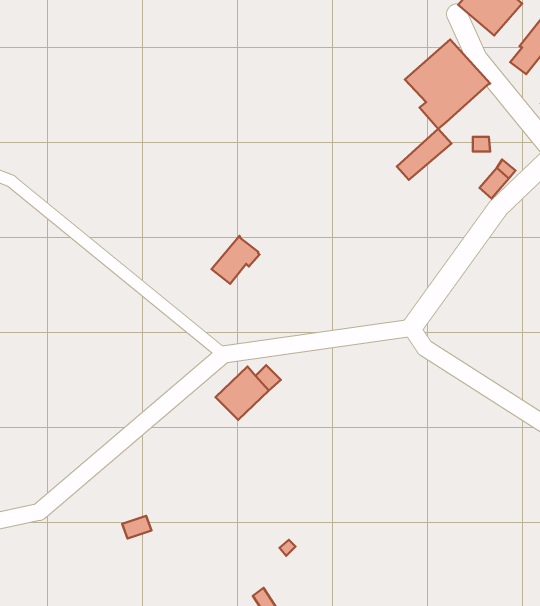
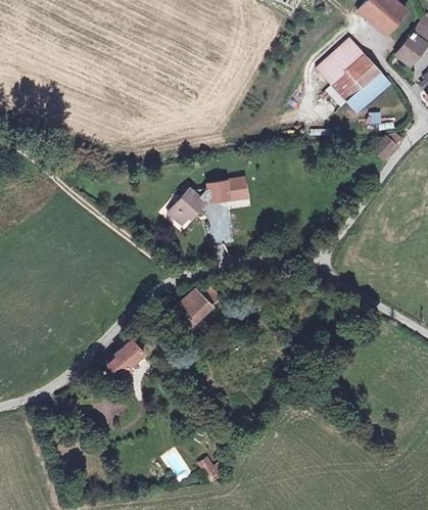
building: [397,129,452,180] -> [348,73,390,111]
building: none -> [195,176,246,200]
building: none -> [108,340,144,378]

